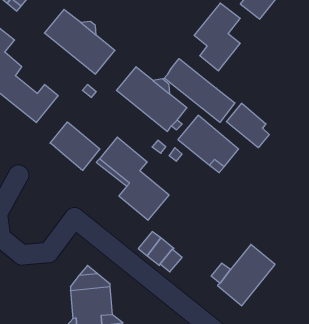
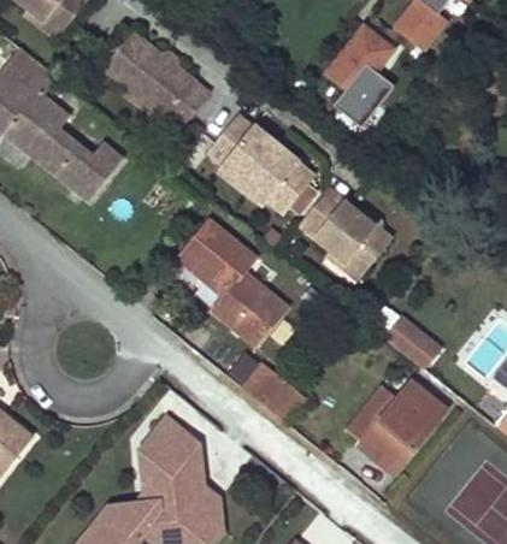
building: [164,59,235,122] -> none
building: [226,103,269,148] -> none
building: [50,122,100,170] -> none
building: none -> [382,317,444,374]

